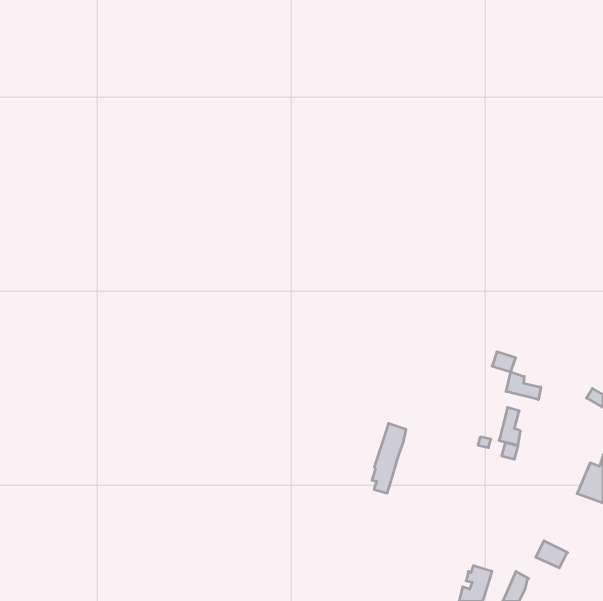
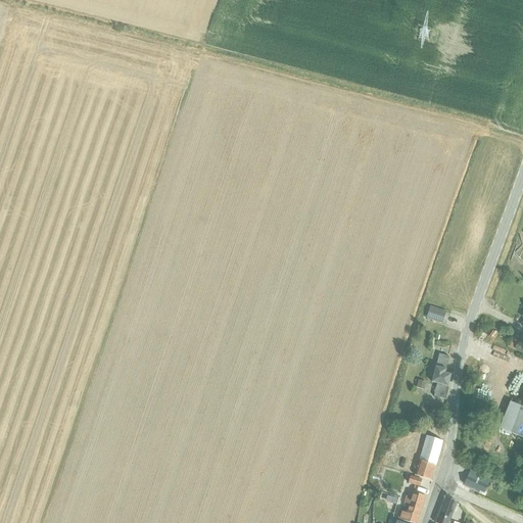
building: [506,372,541,400] -> none
building: [372,423,406,493] -> [413,434,442,494]

